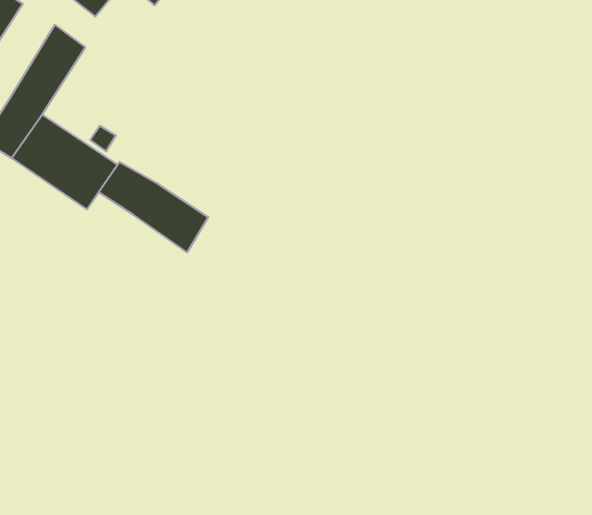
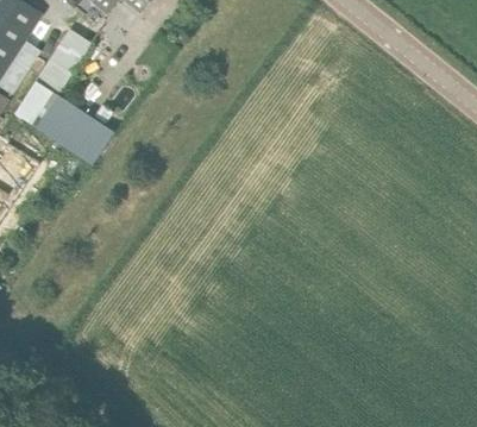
building: [99,162,208,252] -> none

